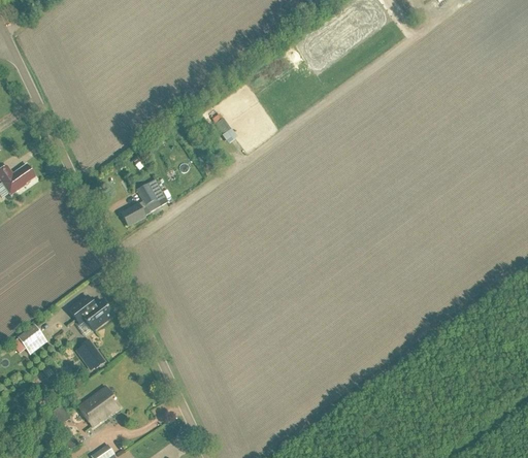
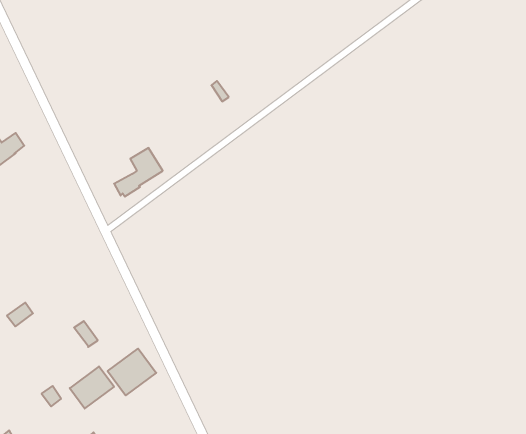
building: [69,295,113,330] -> none
building: none -> [108,349,156,395]

